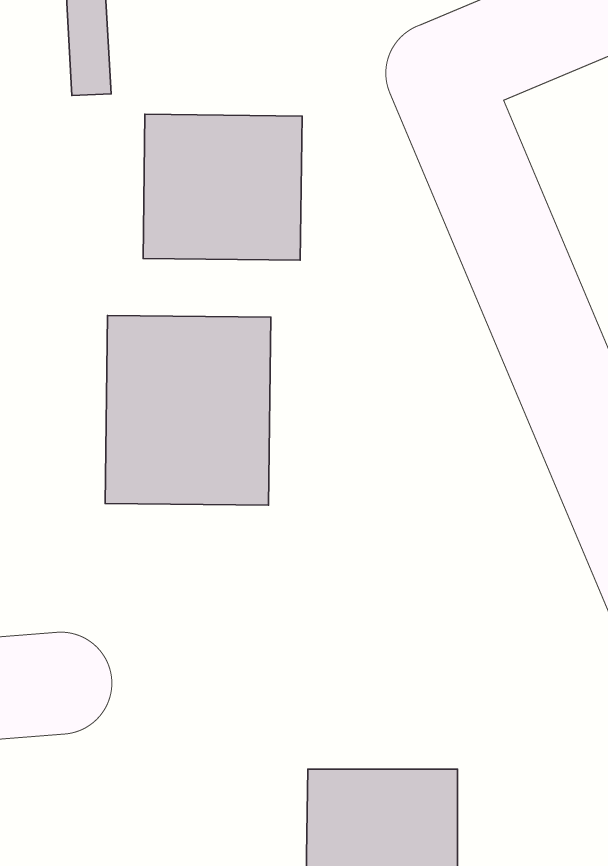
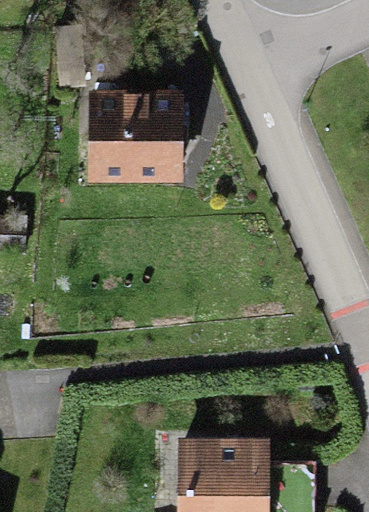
building: [105,315,271,505] -> none

